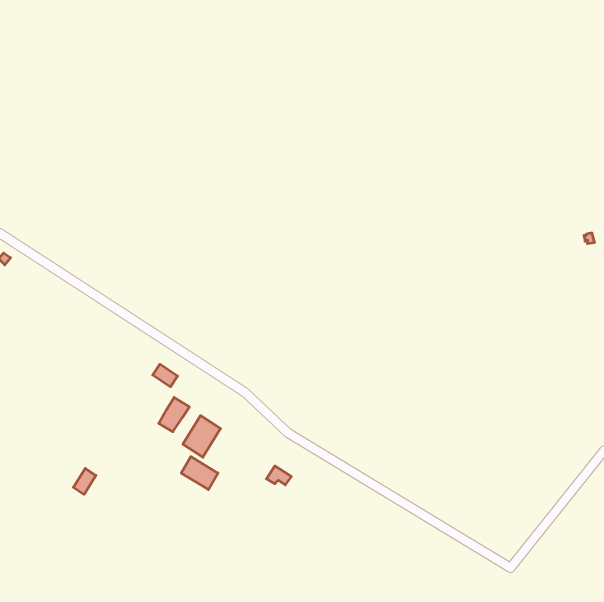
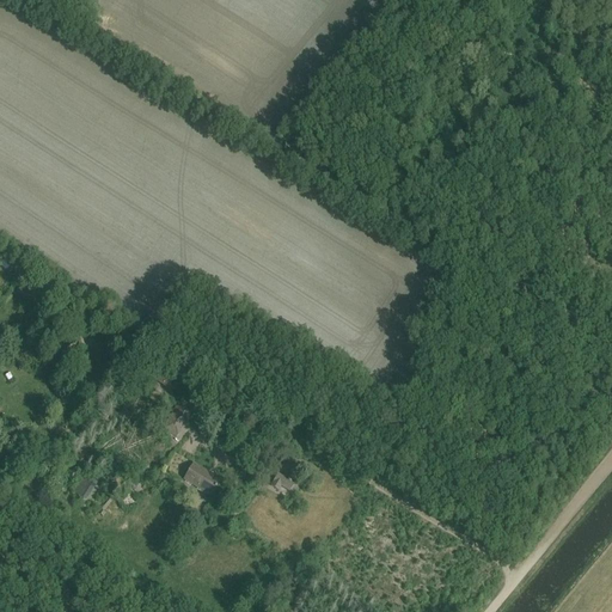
building: [183,416,221,457] -> none

